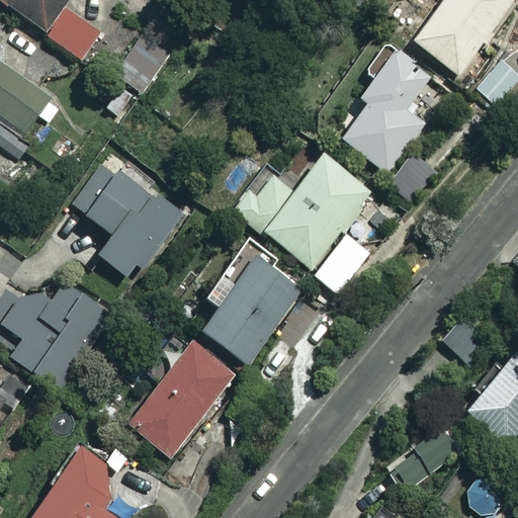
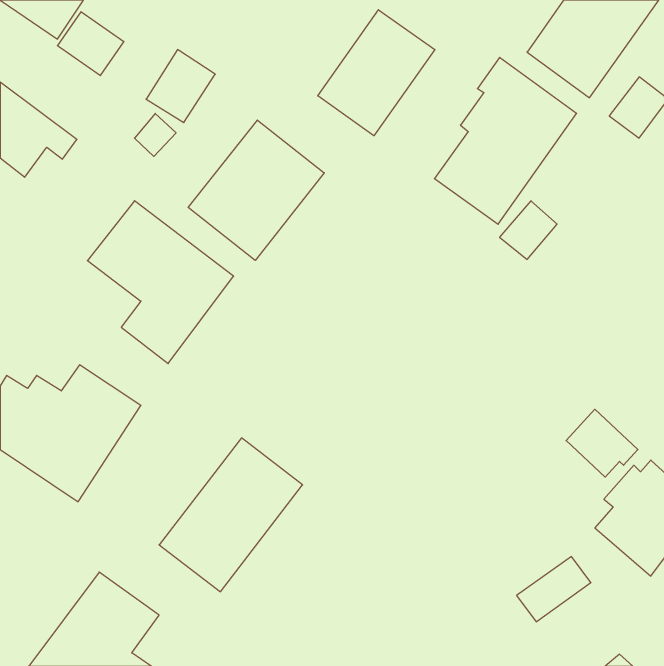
building: none -> [318,10,435,136]
building: none -> [188,120,324,260]
building: [231,153,372,292] -> none
building: [200,241,306,363] -> none

